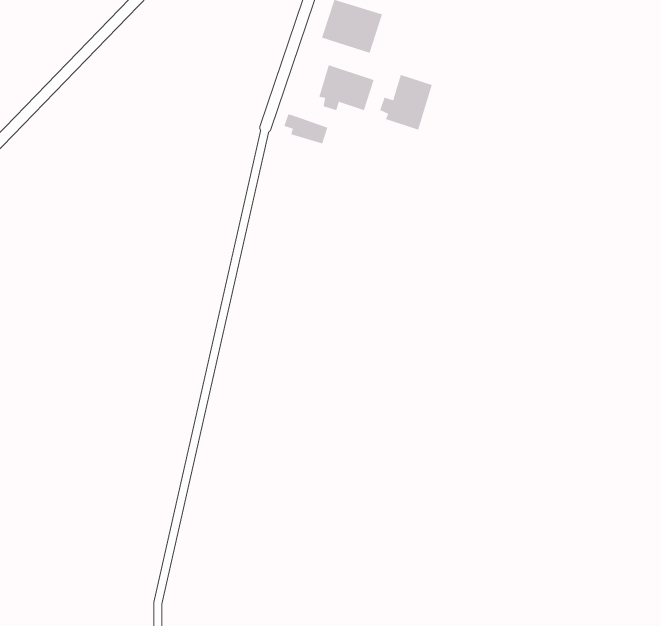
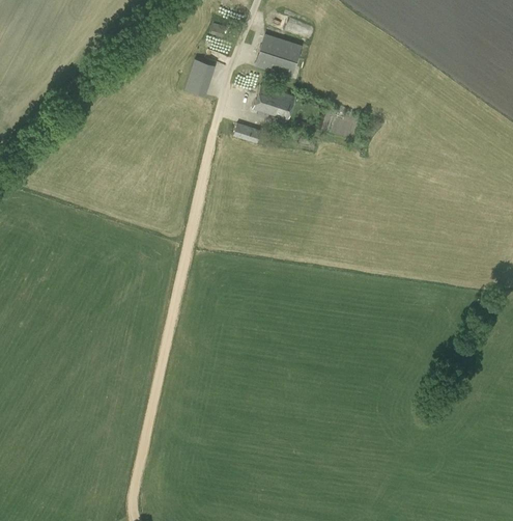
building: none -> [184,58,215,94]
building: [379,74,432,130] -> none

